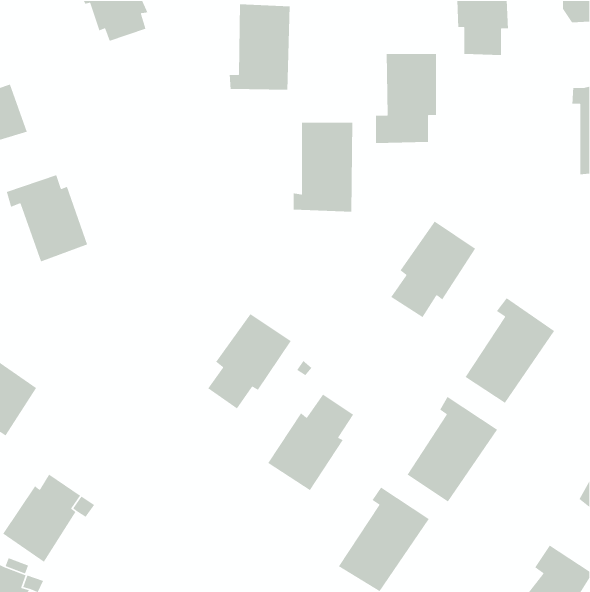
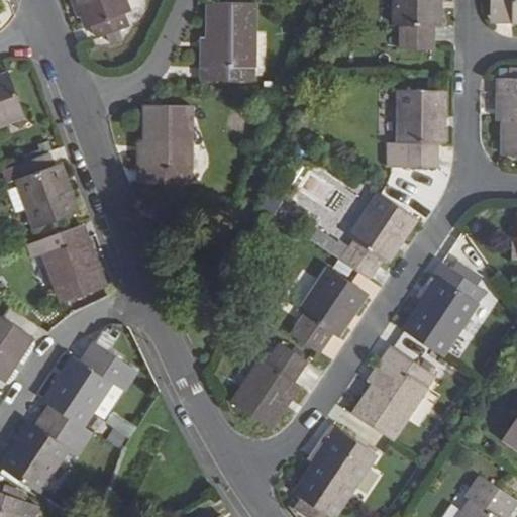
building: [375,53,437,144] -> [390,90,443,169]
building: [293,122,353,212] -> [140,105,193,184]
building: none -> [27,226,104,301]
building: [207,313,292,409] -> [293,270,367,353]
building: none -> [44,329,136,425]

